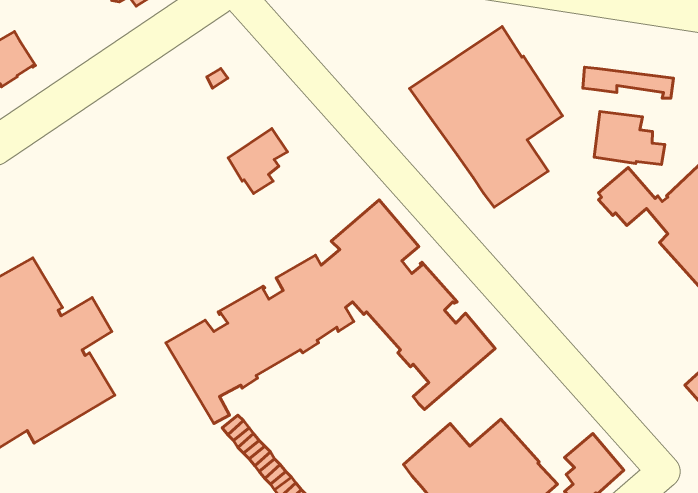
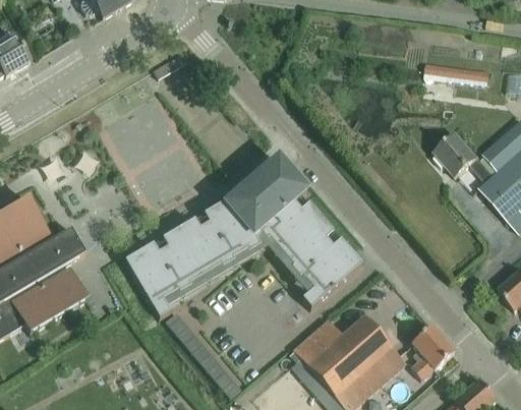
building: [410,27,562,207] -> none
building: [594,111,665,164] -> none
building: [228,128,287,194] -> none

